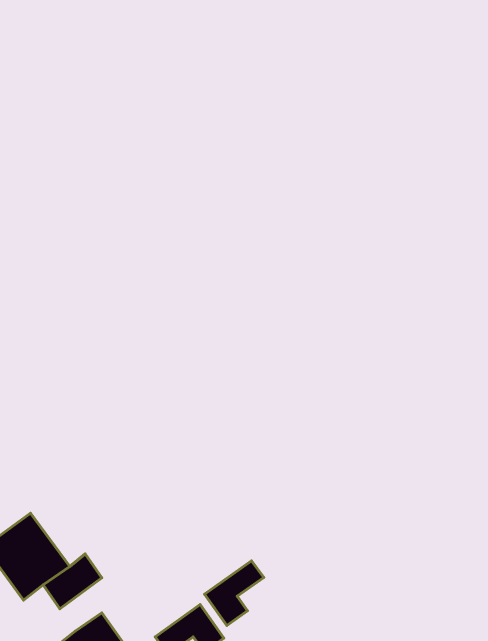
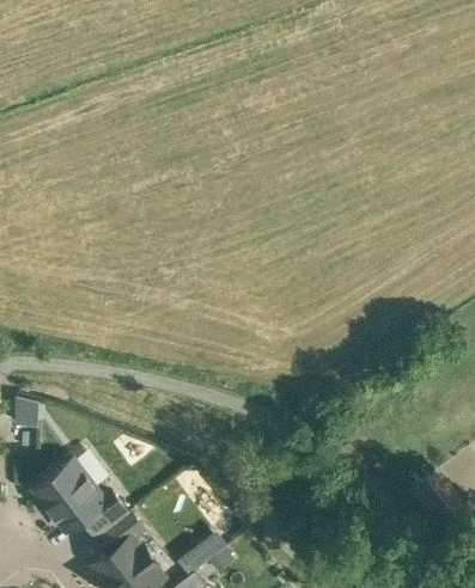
building: [204,561,264,625] -> none
building: none -> [95,510,145,556]

